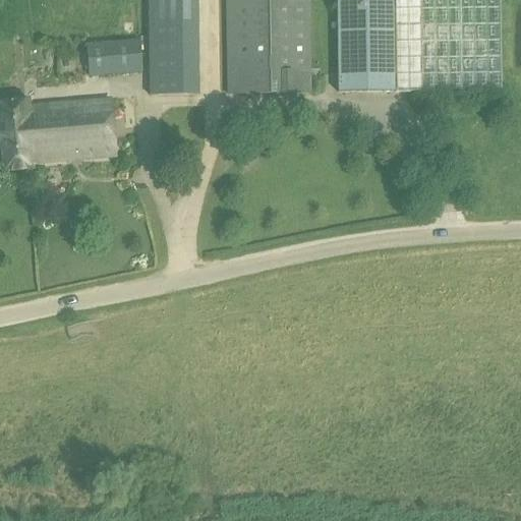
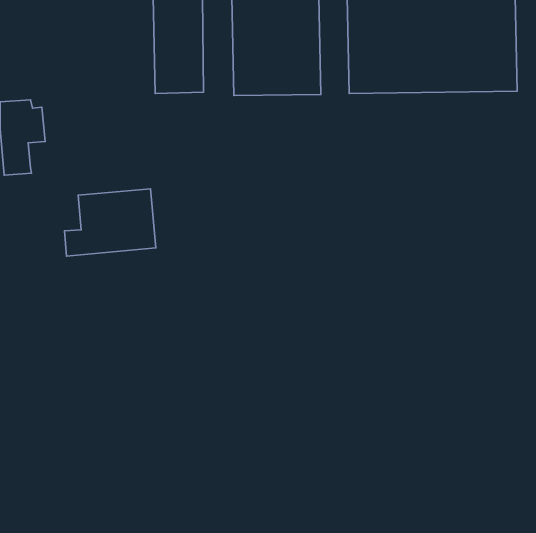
building: [85,37,140,74] -> none
building: [27,98,116,163] -> [64,189,156,256]

